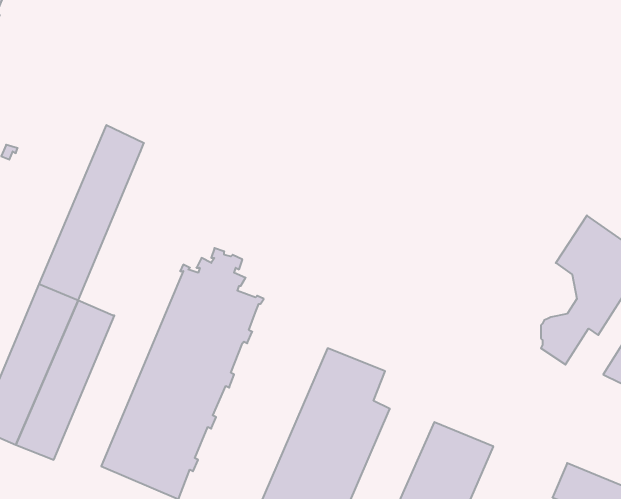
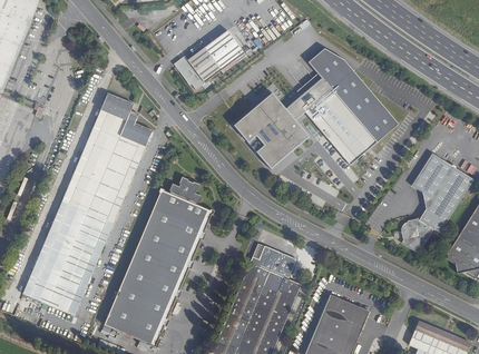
building: none -> [173,30,243,89]
building: none -> [232,47,400,167]
building: none -> [88,109,150,220]

